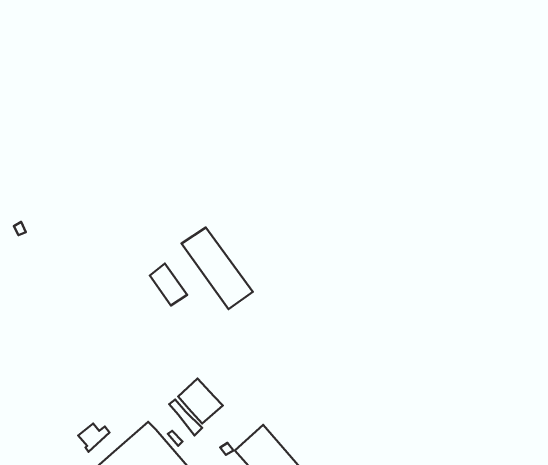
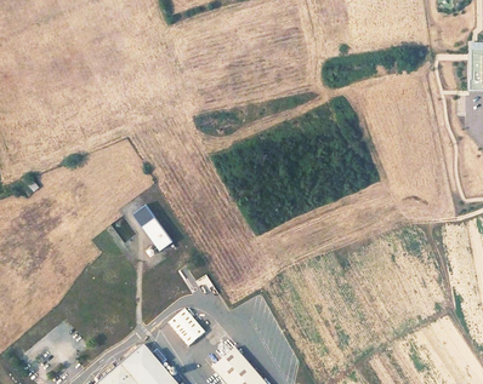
building: [181,227,253,309] -> none

